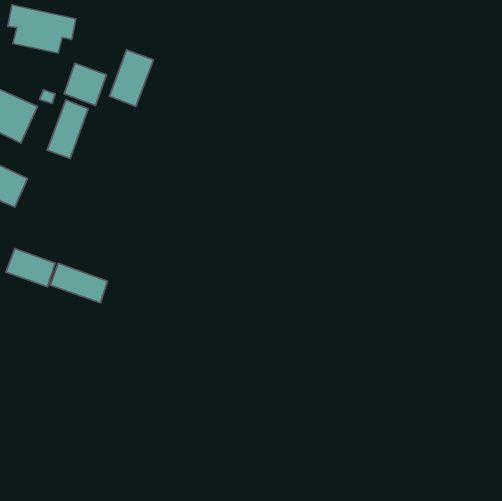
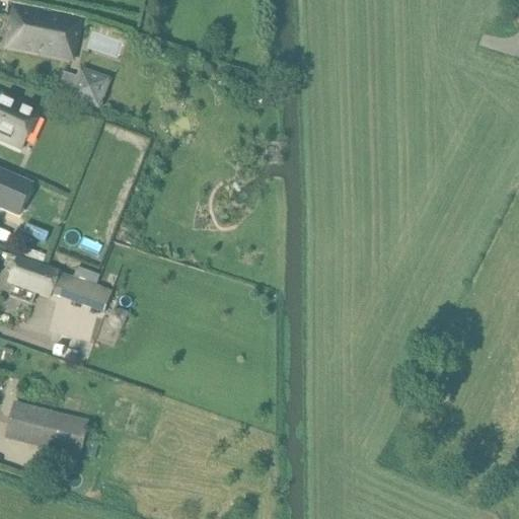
building: [110,50,153,107] -> none
building: [47,100,88,158] -> none
building: none -> [5,400,88,456]

